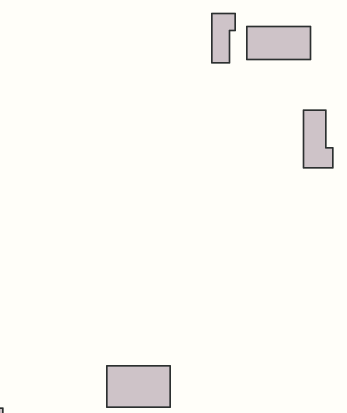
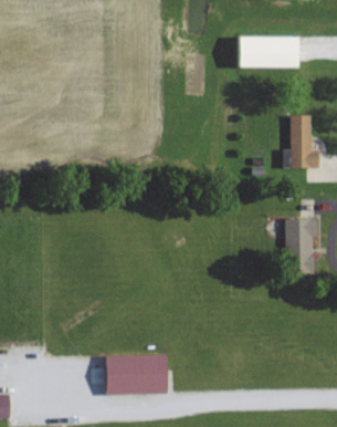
building: [212,13,235,63] -> none
building: none -> [285,217,315,272]

